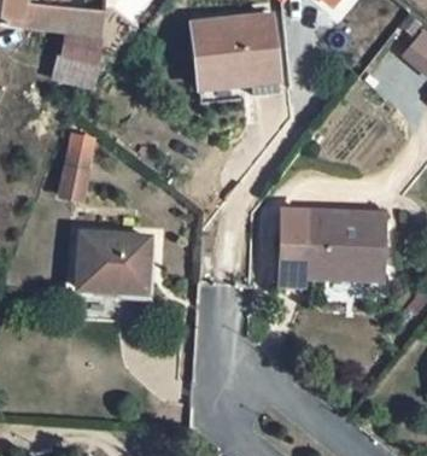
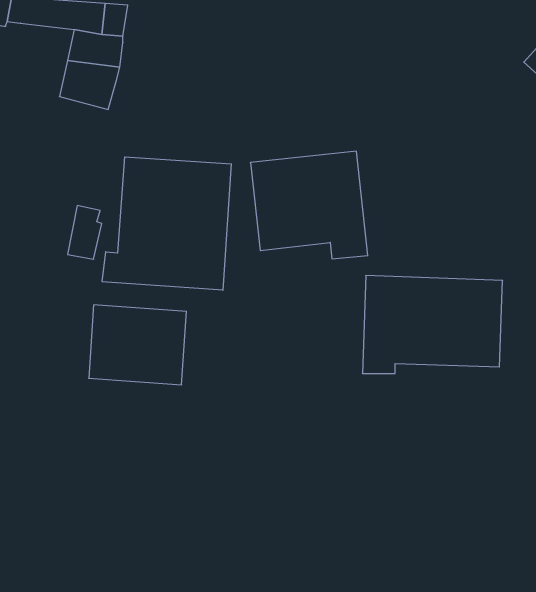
building: [193,14,280,94] -> [250,151,368,259]
building: none -> [102,157,231,290]

